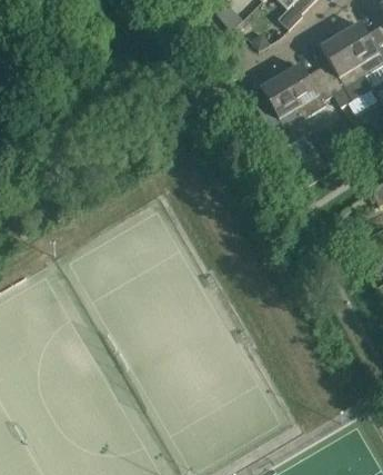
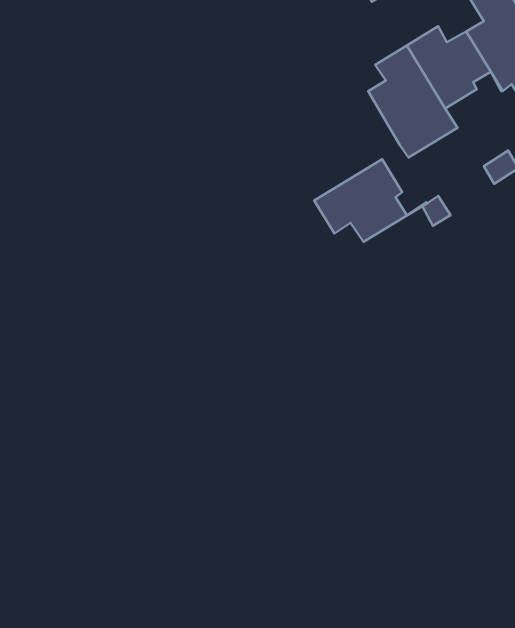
building: none -> [314,159,428,242]

